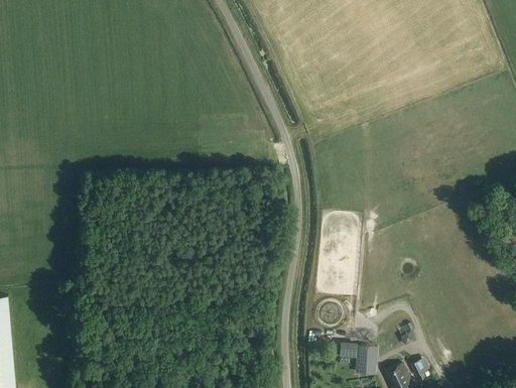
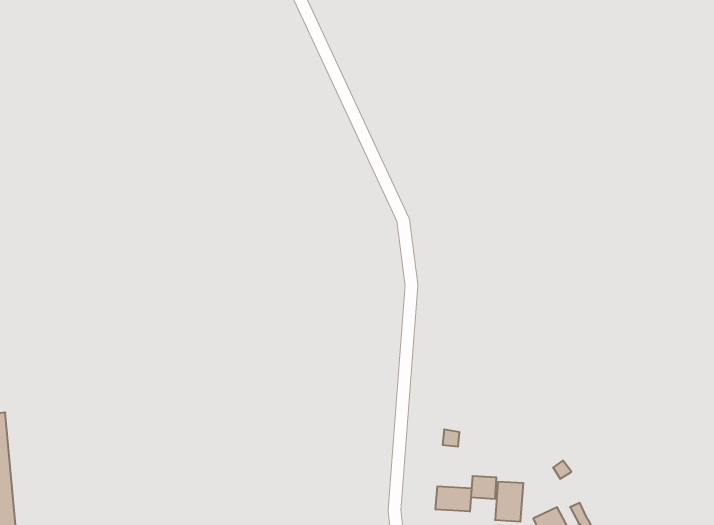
building: none -> [436,486,472,512]

